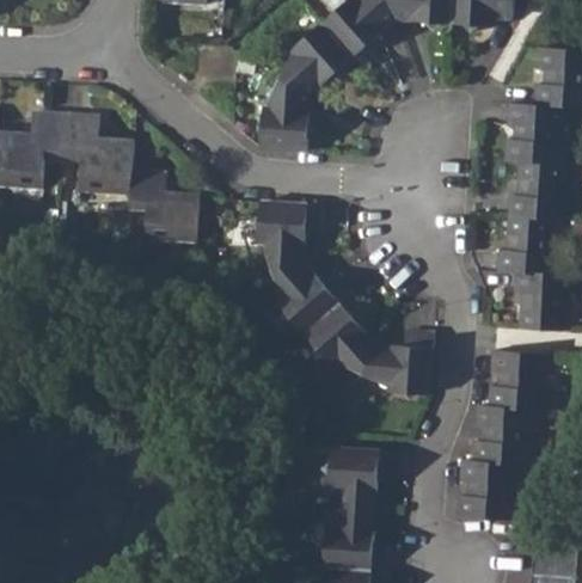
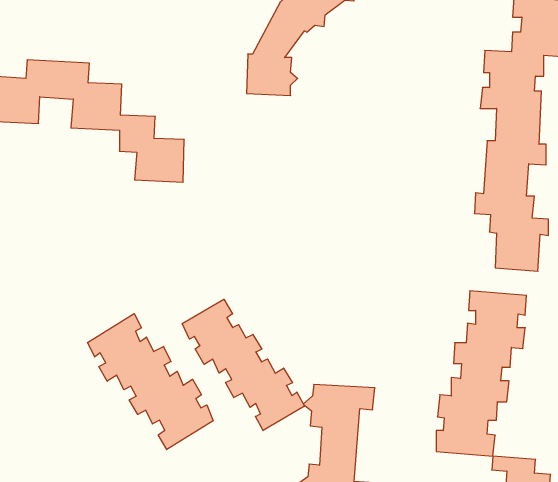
building: [247,202,428,400] -> none
building: none -> [182,299,305,431]
building: none -> [88,314,213,450]

